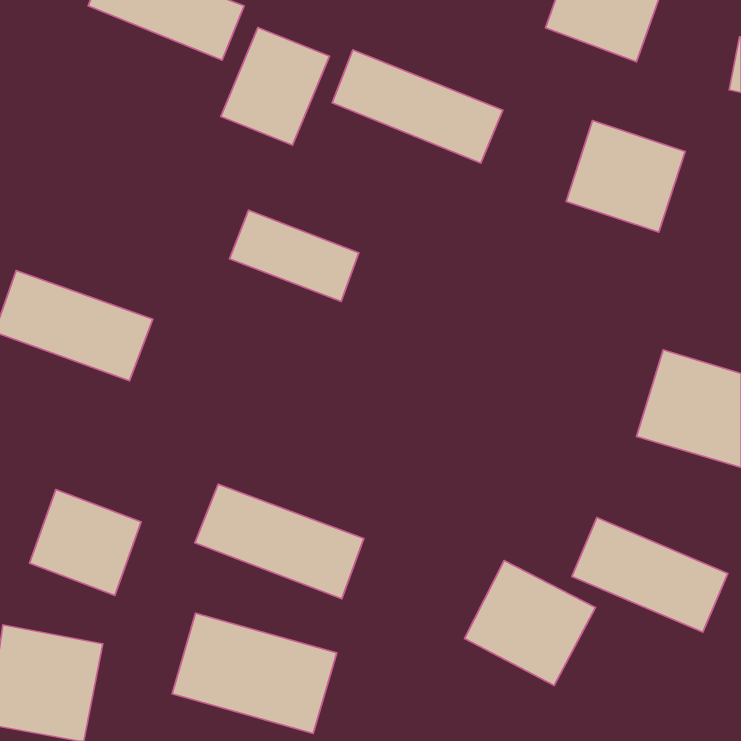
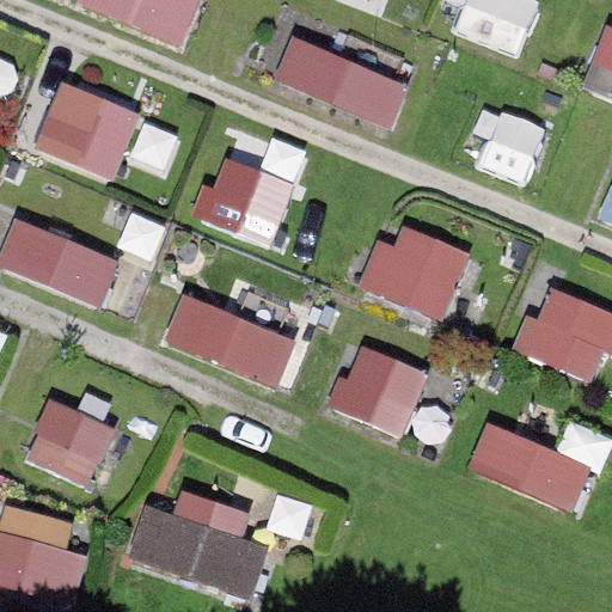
building: [221,27,330,145] -> none
building: none -> [31,81,140,179]
building: none -> [357,225,467,317]
building: [195,484,364,599] -> [161,294,299,387]
building: [465,561,595,686] -> [325,337,432,439]

